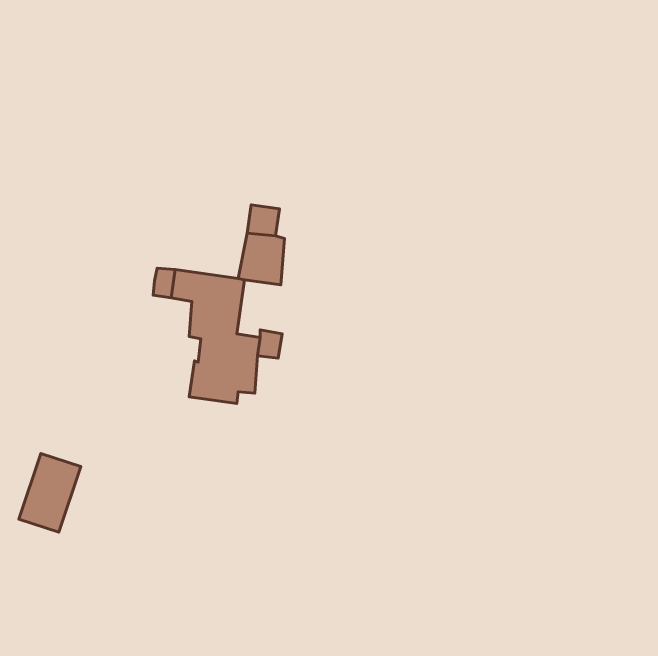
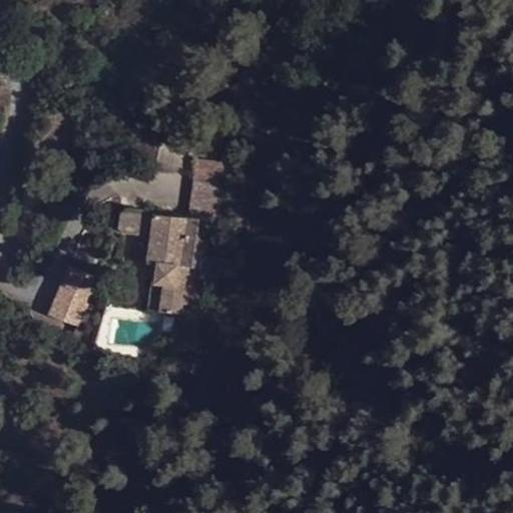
building: [19,454,81,532] -> [48,267,96,328]

